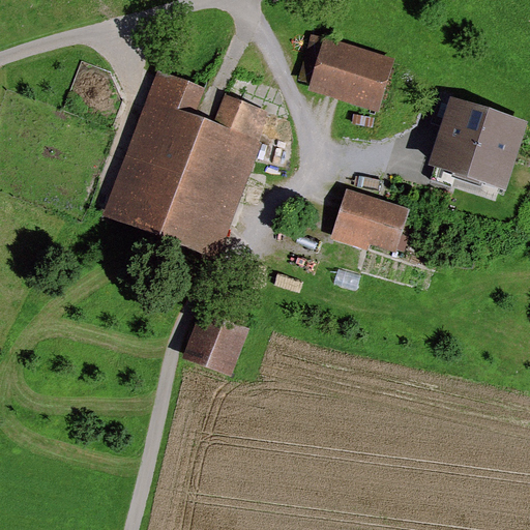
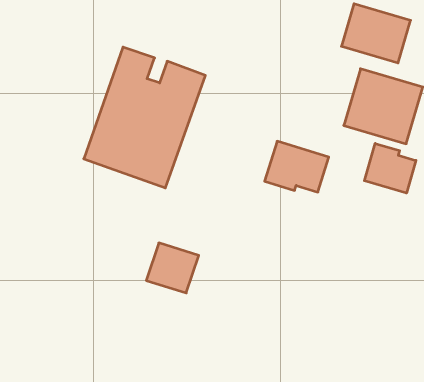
building: [308,37,394,111] -> [341,4,411,63]
building: none -> [364,143,416,193]

